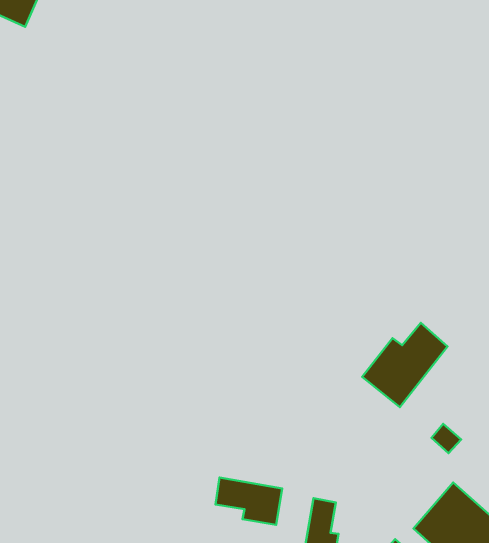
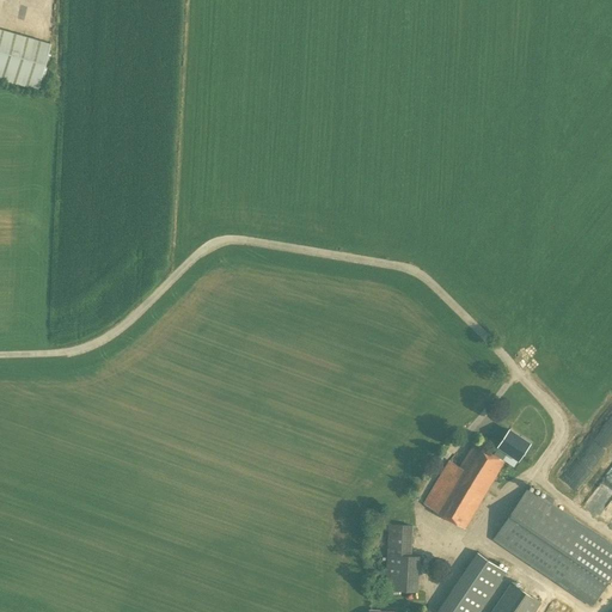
building: [362,323,447,407] -> [423,442,504,530]
building: [215,478,282,525] -> none

